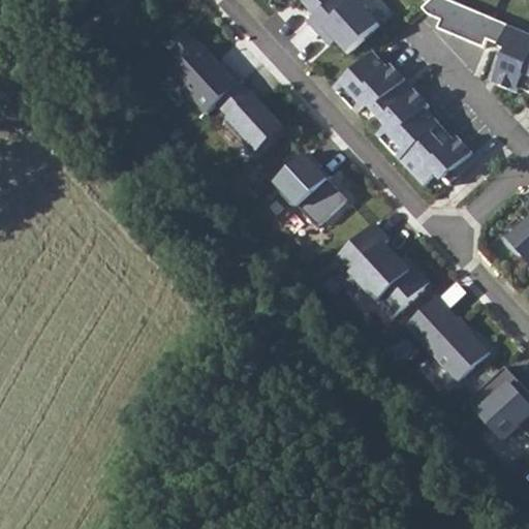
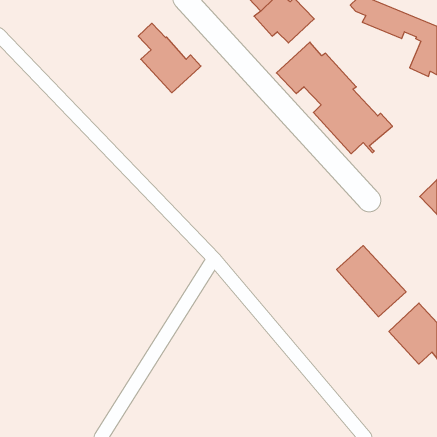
building: [216,82,283,153] -> none
building: [273,151,347,226] -> none
building: [332,222,429,315] -> none

